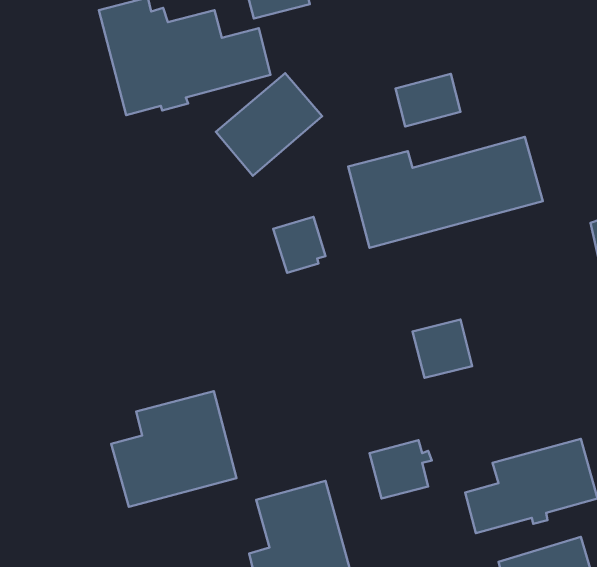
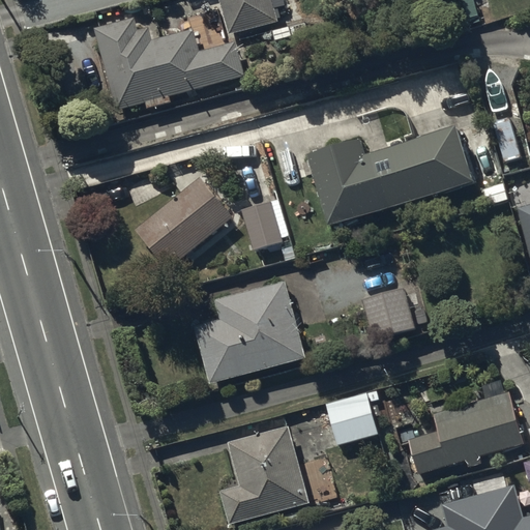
building: [216,73,322,176] -> [136,179,228,268]
building: [395,74,461,126] -> none
building: [111,391,236,507] -> [195,283,303,383]

